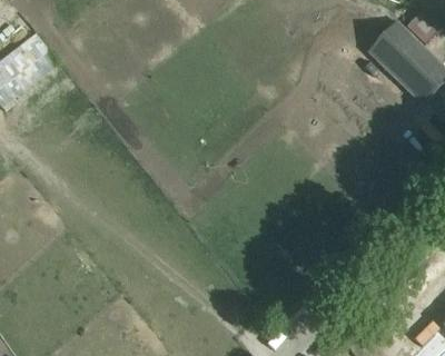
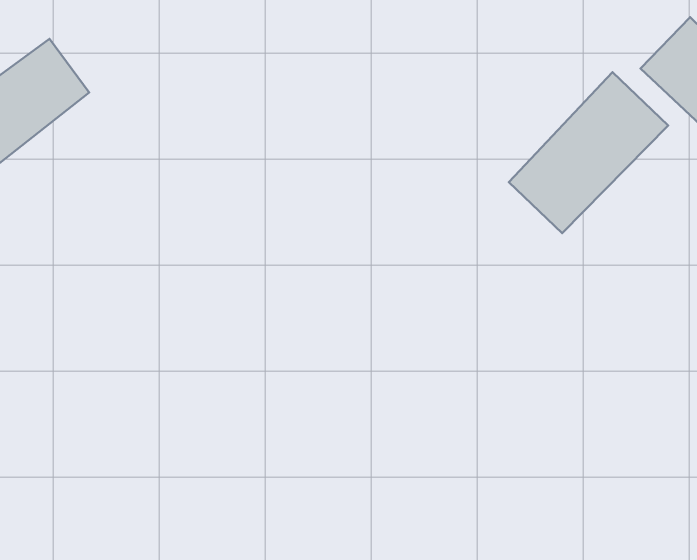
building: none -> [509,72,668,233]

